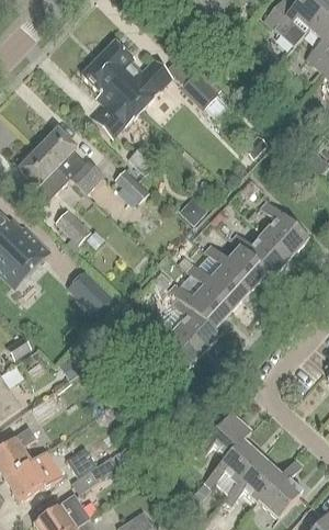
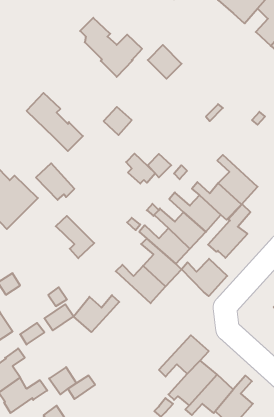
building: [83,54,144,136] -> none
building: [20,147,70,200] -> none
building: [114,169,148,204] -> [126,154,155,184]
building: none -> [208,204,250,258]
building: none -> [181,259,227,296]
building: none -> [74,295,119,332]

